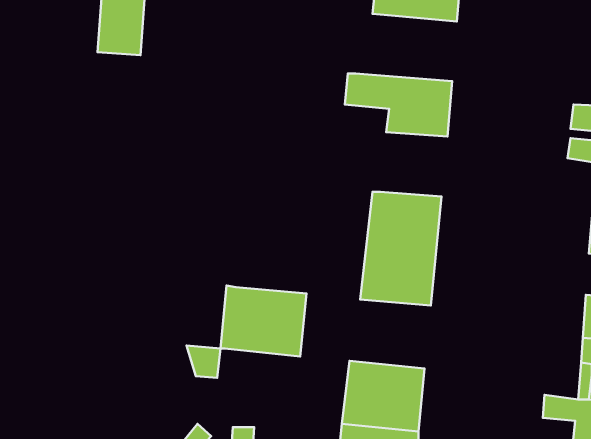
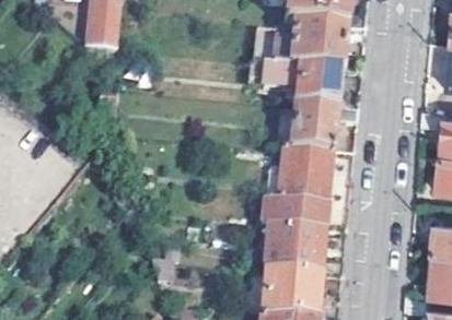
building: none -> [271,16,344,63]
building: none -> [289,99,358,145]
building: [220,286,306,356] -> [264,217,325,268]

